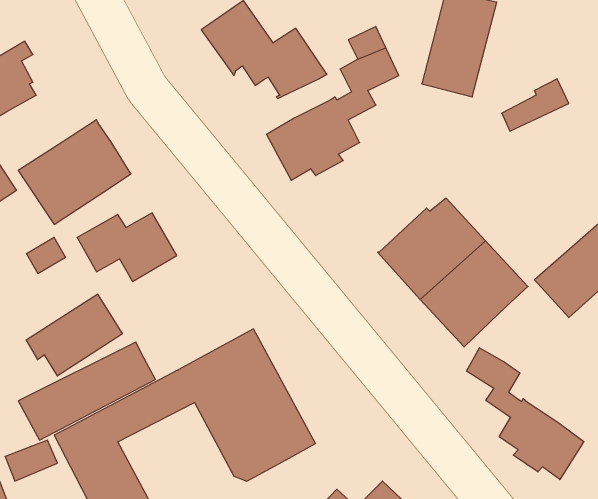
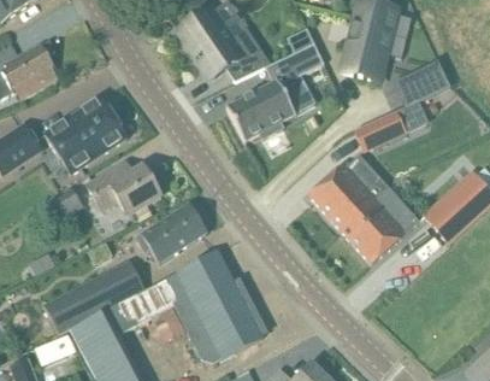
building: none -> [354,109,406,150]
building: [26,294,122,376] -> [136,201,207,262]
building: [466,348,584,480] -> none

